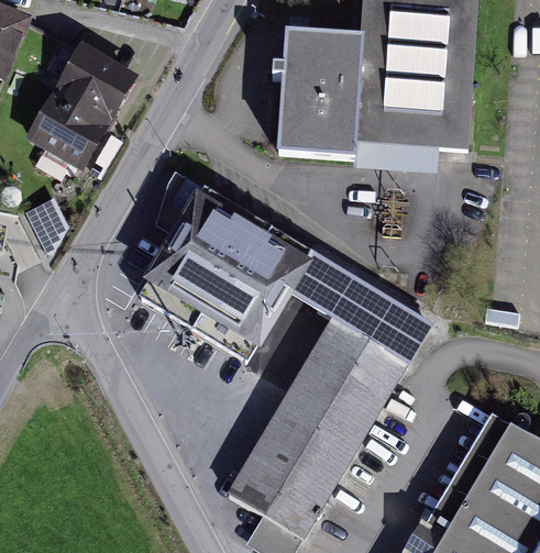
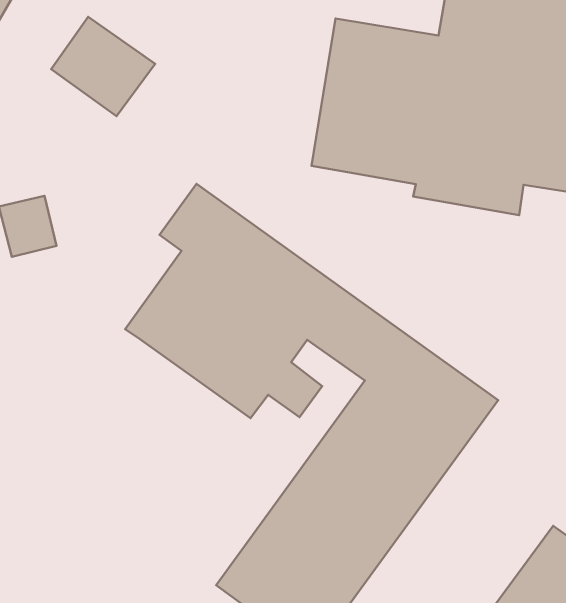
building: [30,95,111,170] -> none

